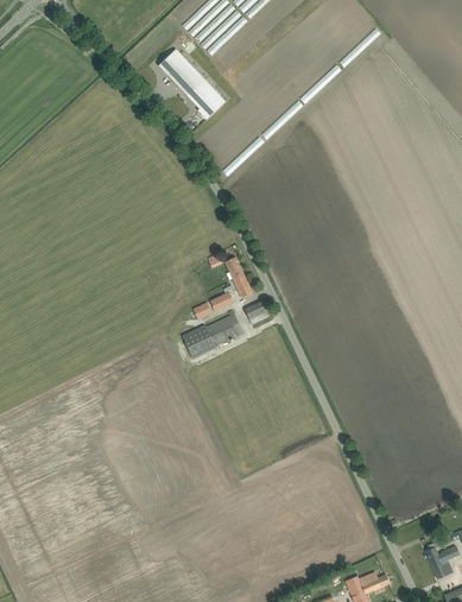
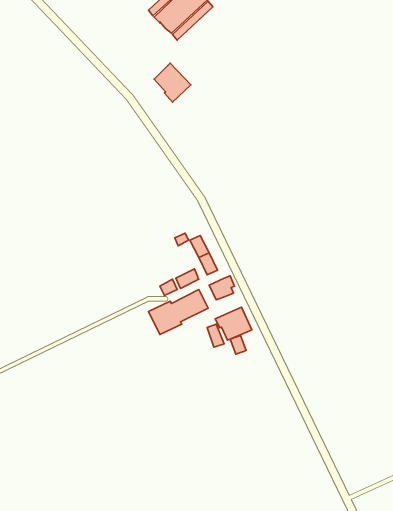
building: [159,49,202,95] -> none
building: none -> [215,307,252,340]

